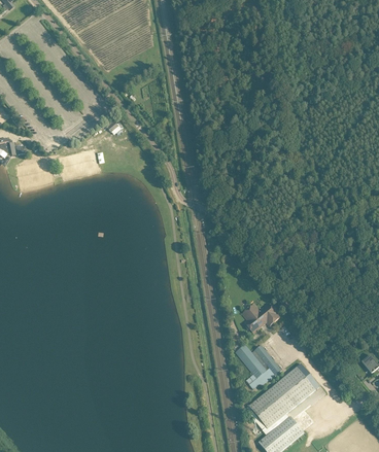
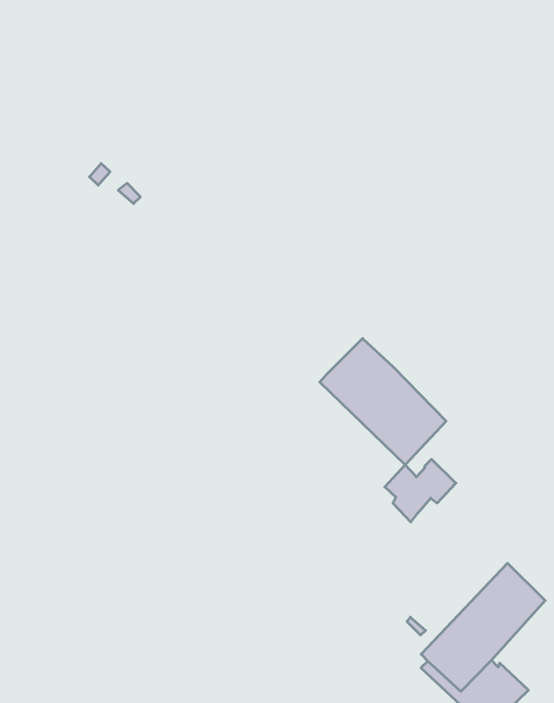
building: none -> [320,338,446,465]
building: [235,344,281,388] -> none

